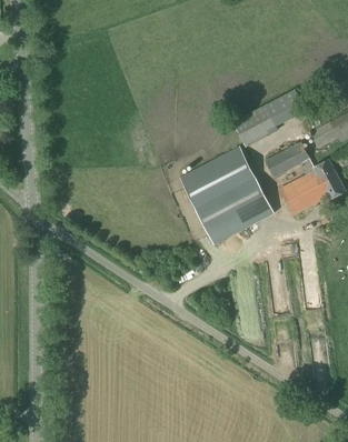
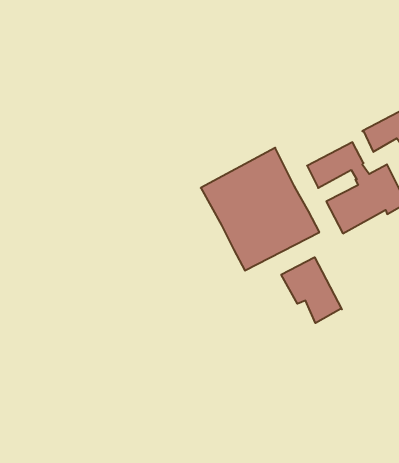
building: [231,89,305,147] -> none
building: none -> [281,257,342,323]

